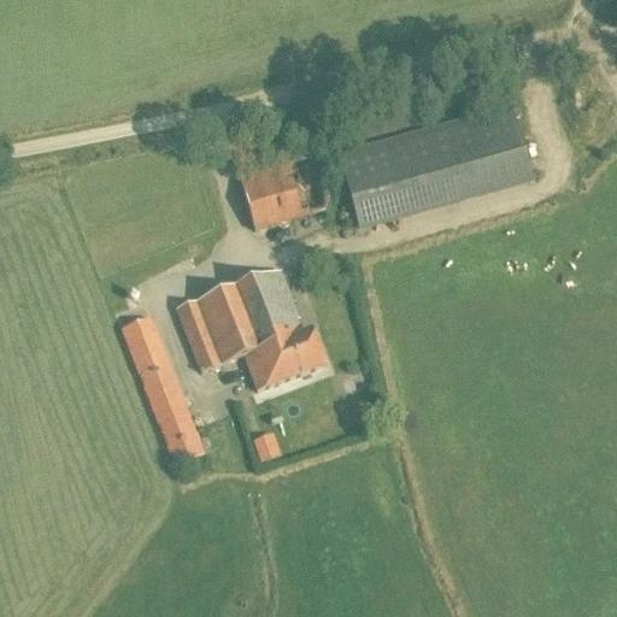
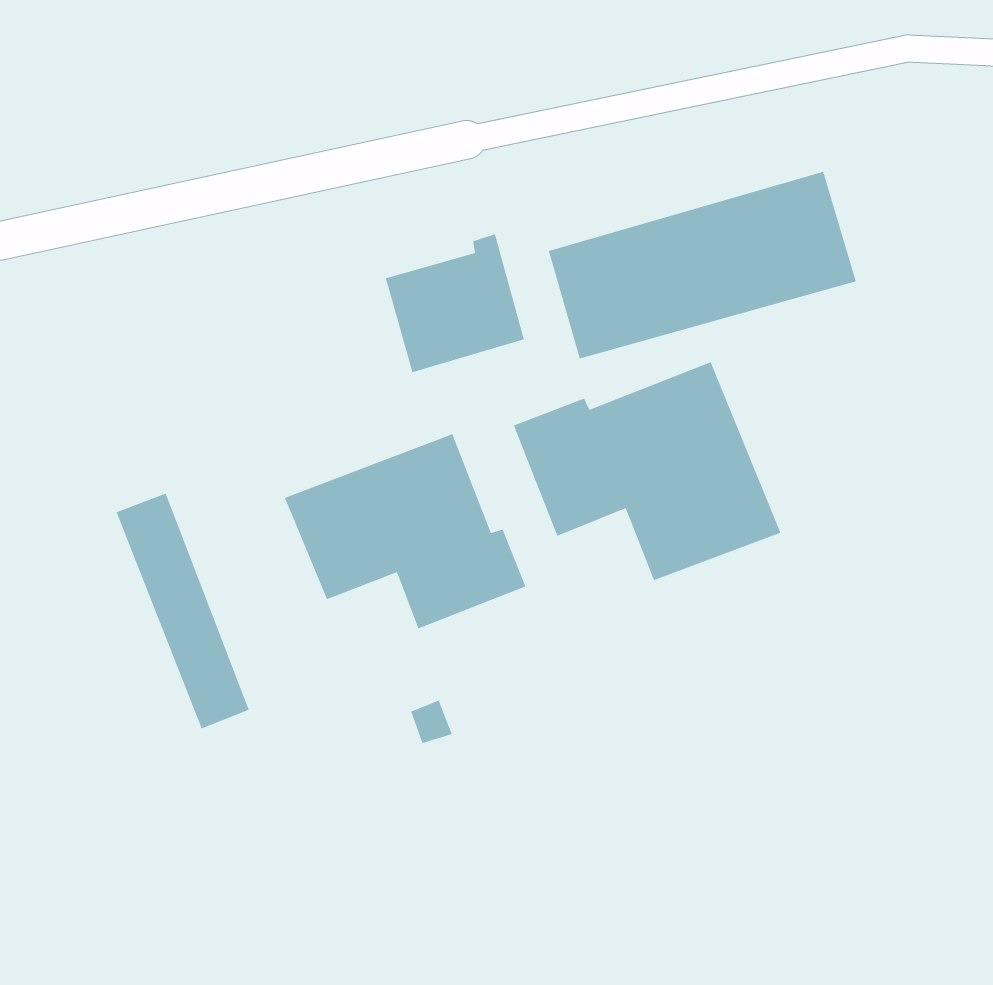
building: none -> [513,361,781,581]
building: [122,317,205,464] -> [116,492,250,730]

